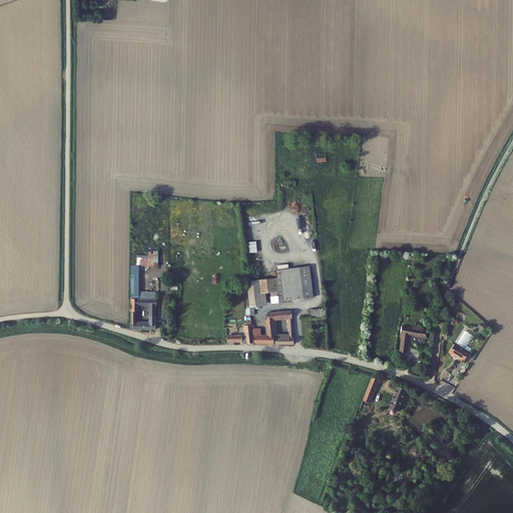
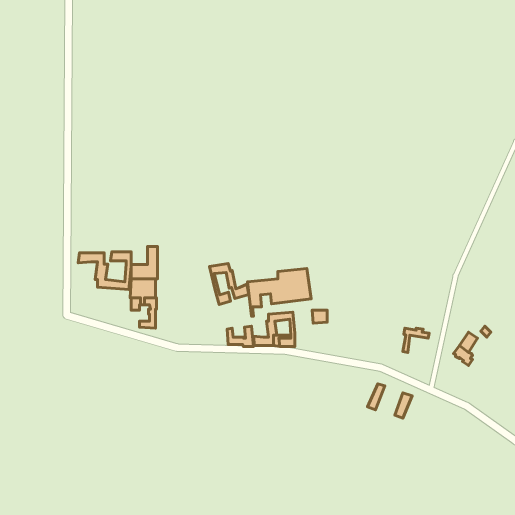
building: none -> [78,252,131,290]
building: none -> [210,263,249,304]

